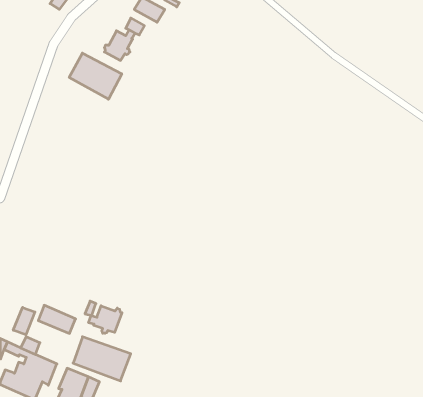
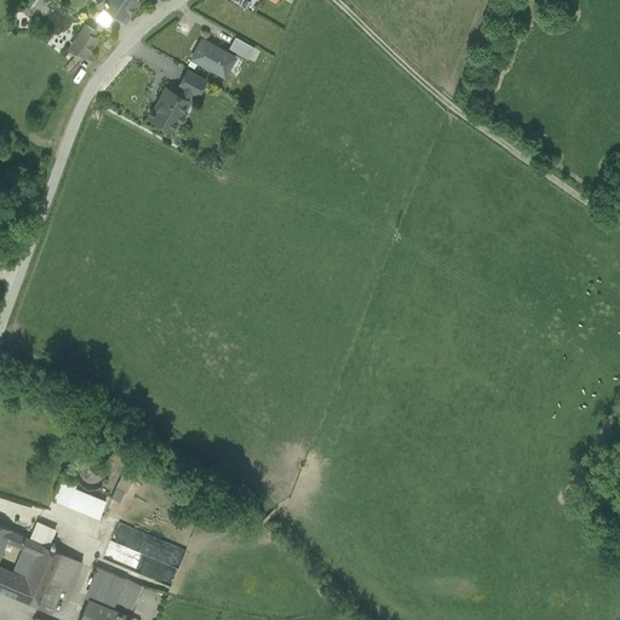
building: [69,53,122,99] -> none
building: [89,306,122,333] -> none
building: [13,307,35,335] -> none

